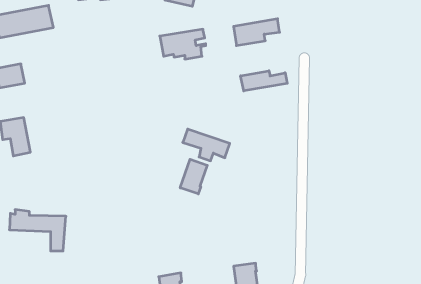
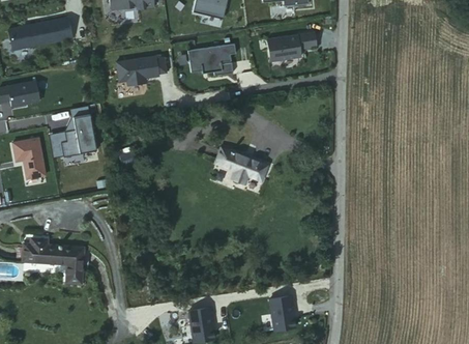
building: none -> [116,55,165,85]
building: [241,71,287,91] -> none
building: none -> [61,114,96,155]
building: [180,159,207,194] -> none

